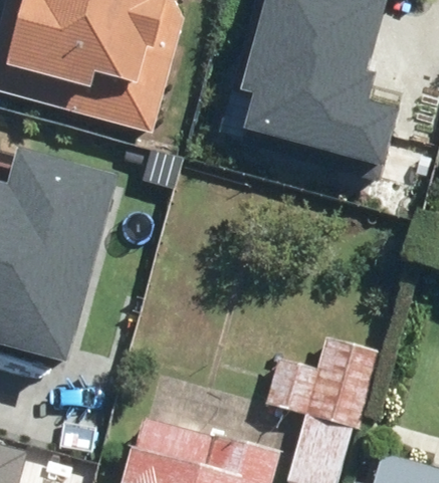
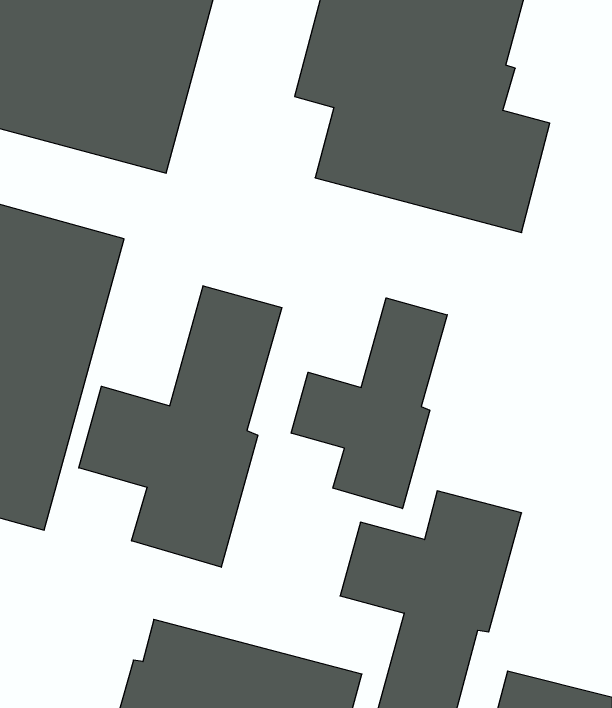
building: none -> [79,286,282,567]
building: none -> [291,298,447,509]

